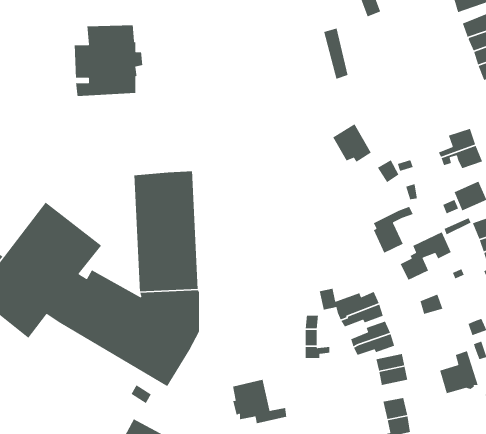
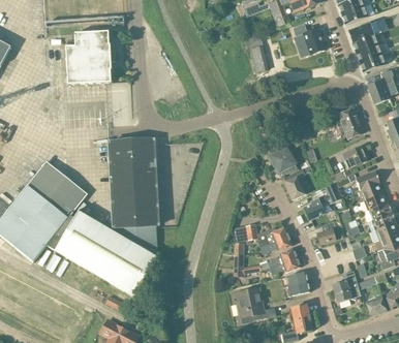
building: none -> [295,23,329,54]
building: [332,123,372,163] -> [269,145,298,174]
building: [232,379,287,424] -> [236,287,276,320]

